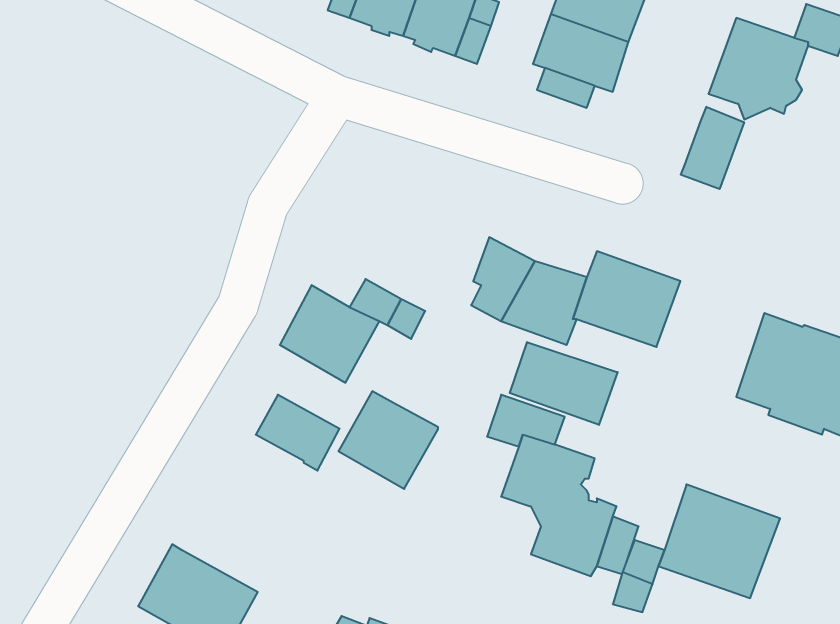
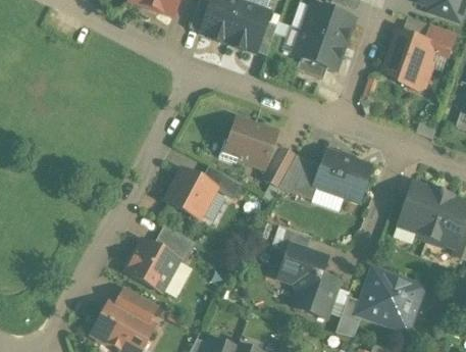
building: [681,107,744,189] -> none
building: none -> [219,119,275,166]
building: [510,342,618,425] -> none
building: [338,391,438,489] -> [126,240,177,290]
building: none -> [115,287,157,322]

